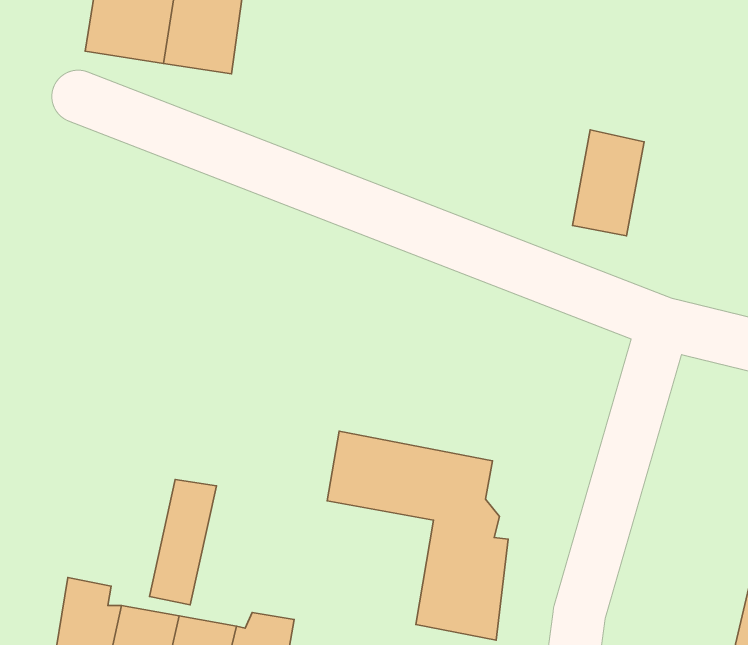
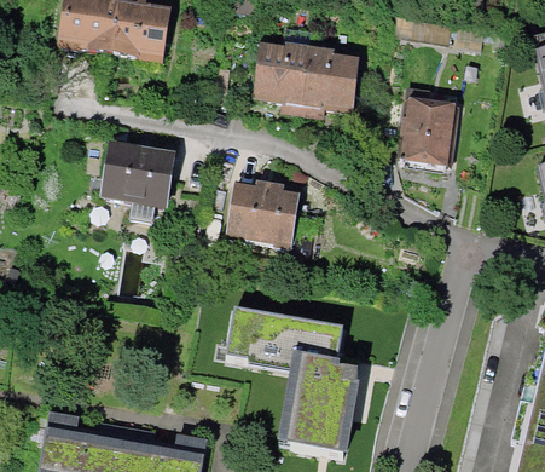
building: none -> [254,42,360,119]
building: none -> [102,138,176,208]
building: none -> [226,182,298,246]
building: [149,480,216,605] -> none

